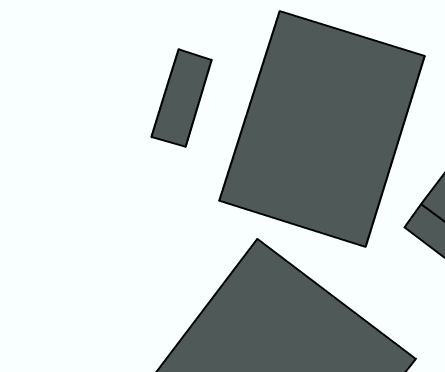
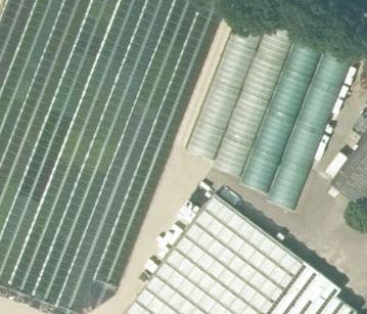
building: [152,49,212,147] -> none

